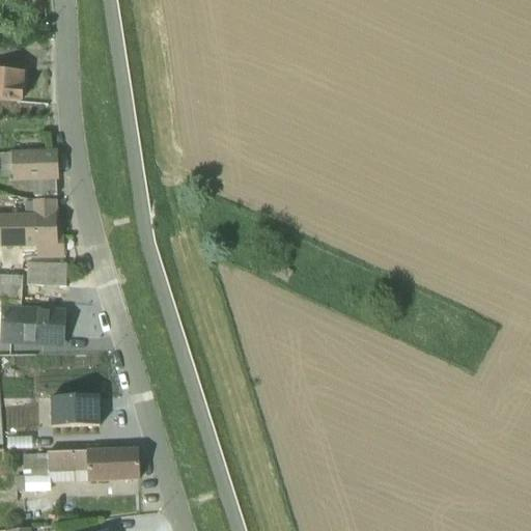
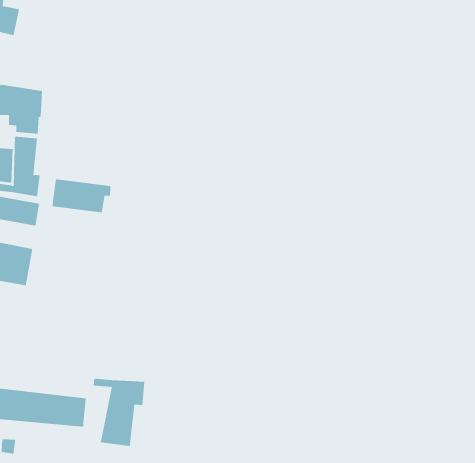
building: none -> [52,179,111,213]
building: [51,394,101,428] -> none
building: none -> [93,378,145,447]

